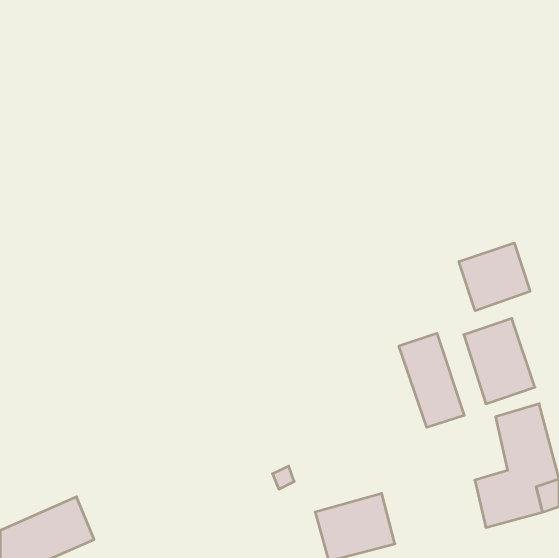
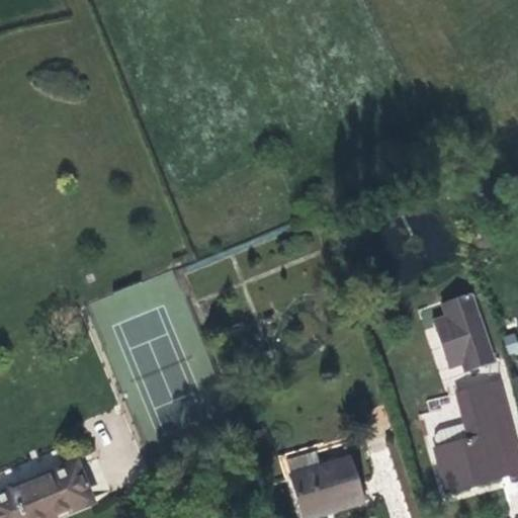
building: [459,243,530,311] -> none
building: [399,333,464,427] -> none

